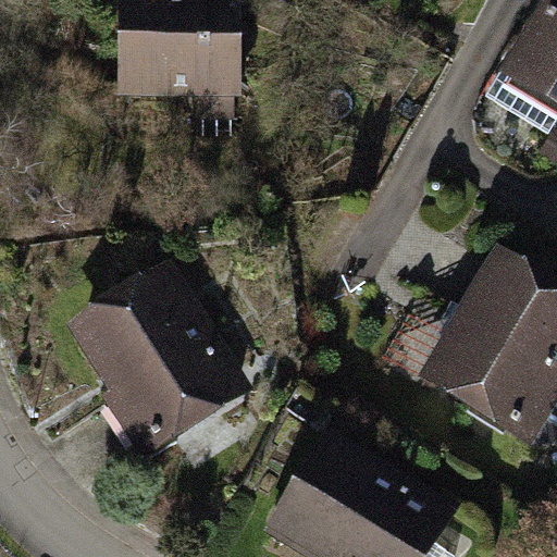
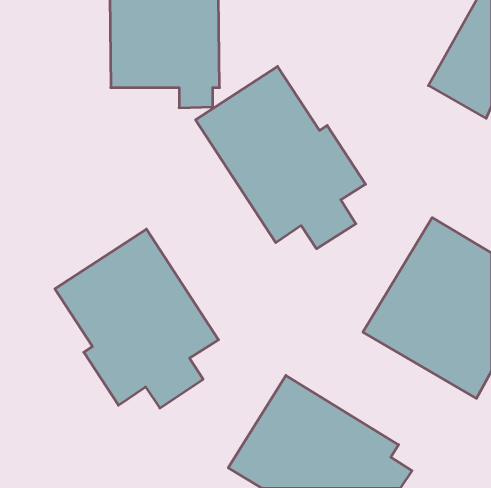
building: none -> [196,66,366,249]

